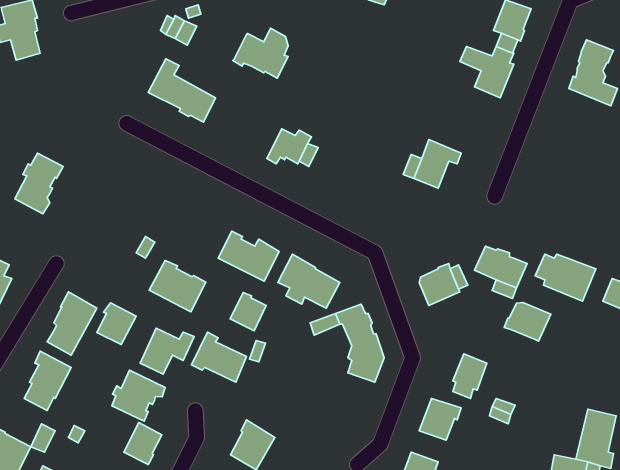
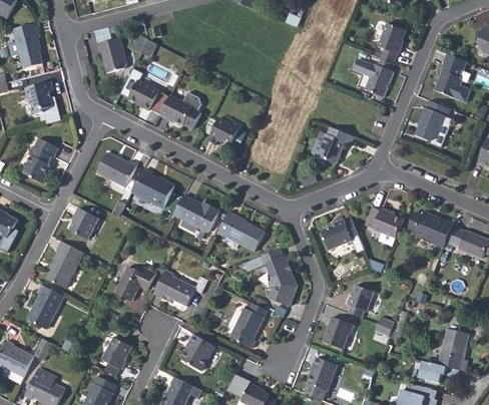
building: none -> [96,36,126,71]
building: [233,28,288,78] -> [161,90,202,127]
building: none -> [25,80,59,121]
building: none -> [415,99,451,145]
building: none -> [97,151,137,186]
building: [149,261,206,312] -> [132,168,174,207]
building: [230,292,266,331] -> none
building: [504,302,551,341] -> none
building: [97,303,136,345] -> [70,206,99,237]
building: [112,370,165,421] -> none
building: none -> [230,304,267,349]

